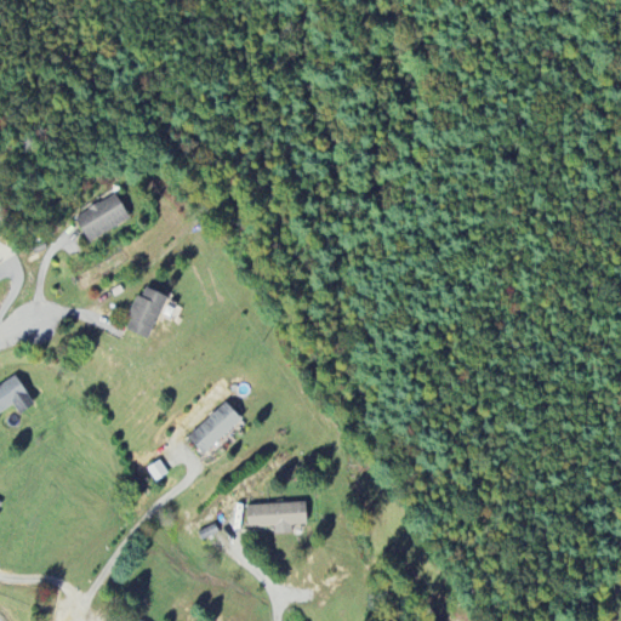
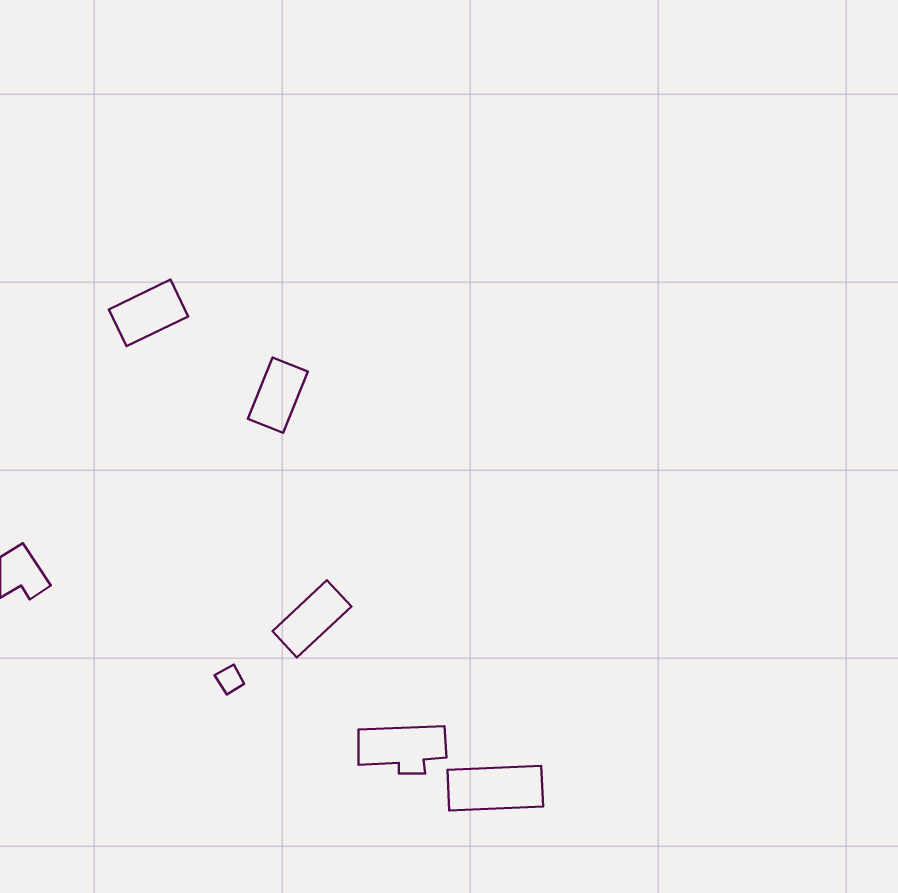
building: [125,285,166,337] -> [248,357,308,433]
building: none -> [447,766,543,810]

